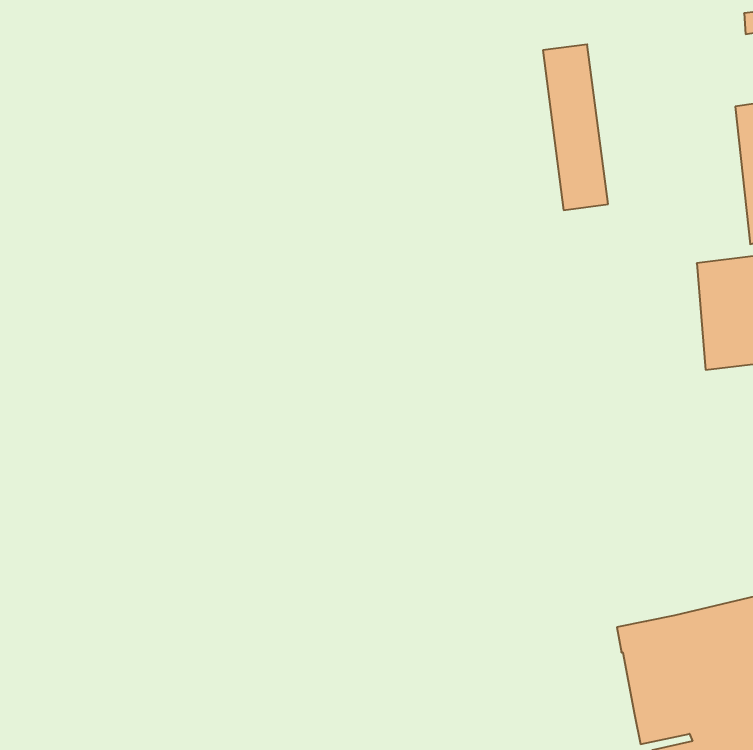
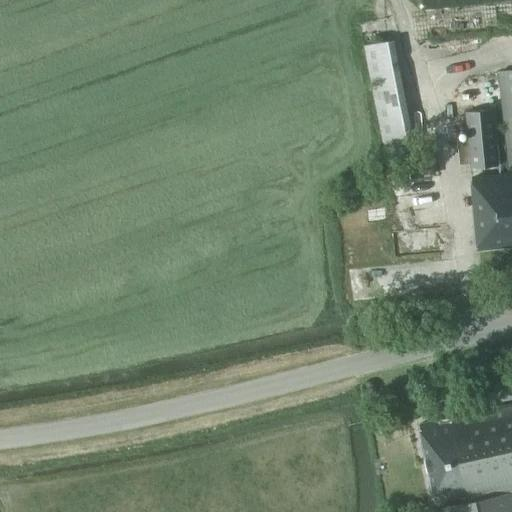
building: none -> [458,113,499,172]

